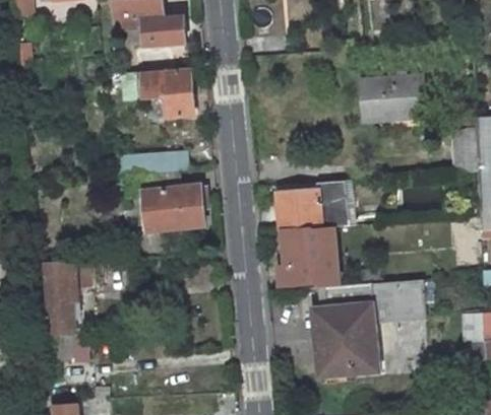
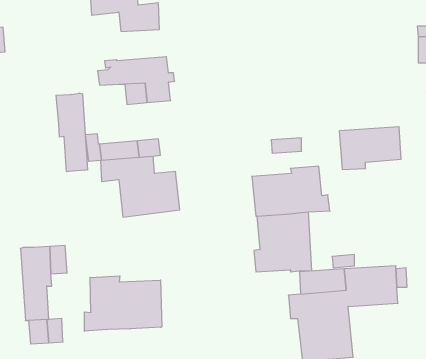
building: [362,77,424,120] -> [339,127,401,169]
building: none -> [56,93,88,172]
building: none -> [84,276,162,331]

